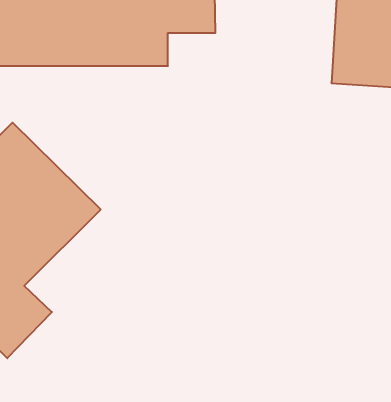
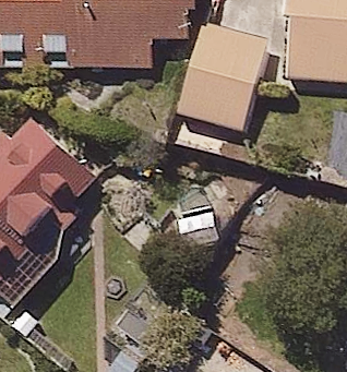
building: none -> [180,23,271,127]

